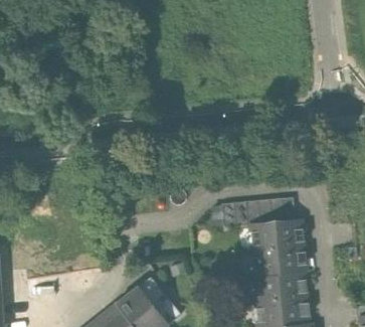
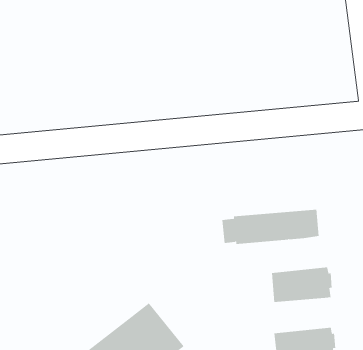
building: [251,221,305,253] -> none
building: [254,274,308,304] -> none

